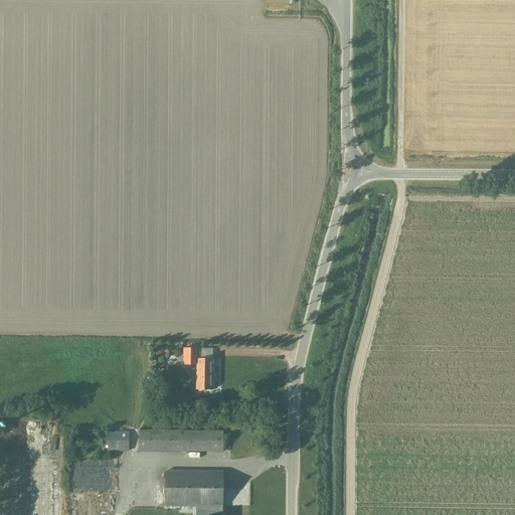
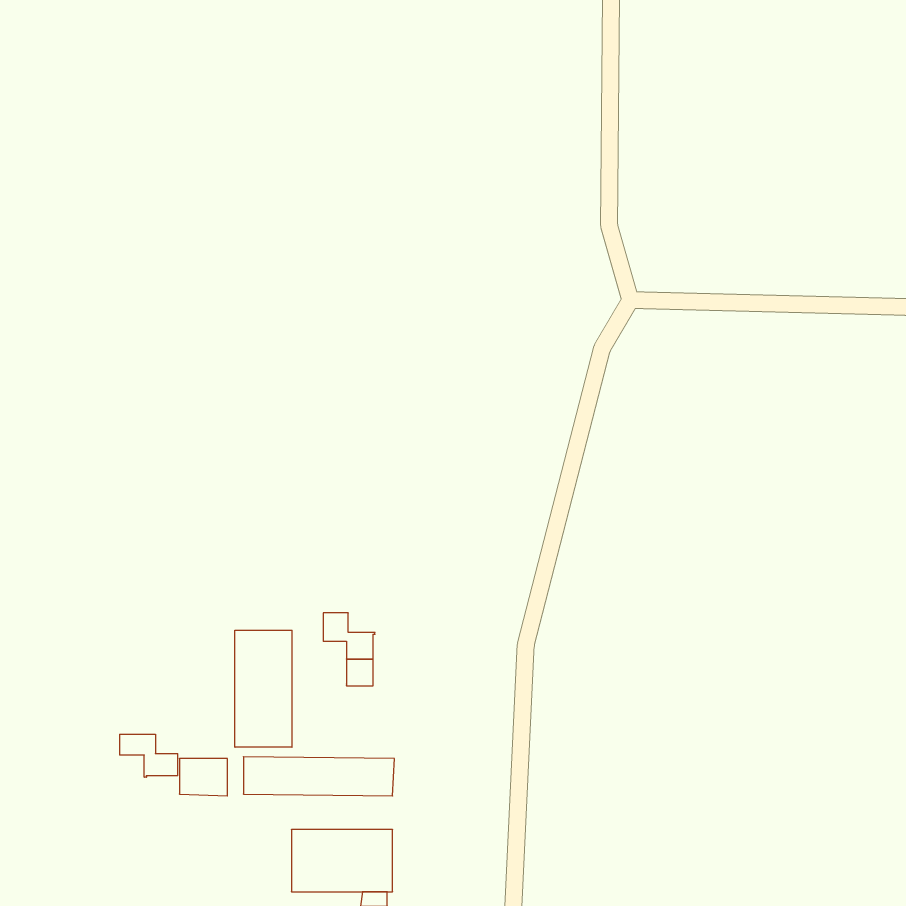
building: none -> [235,630,292,747]
building: none -> [120,734,178,777]

